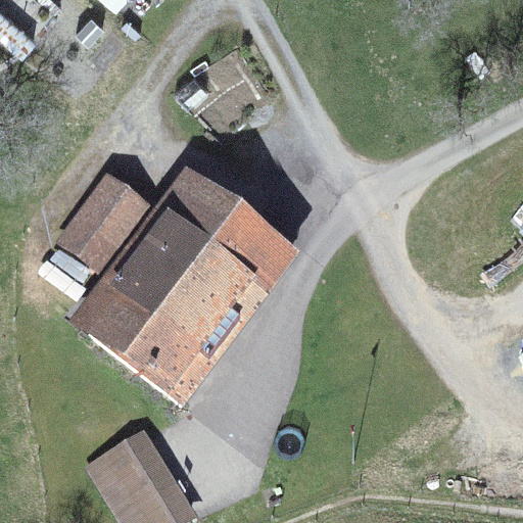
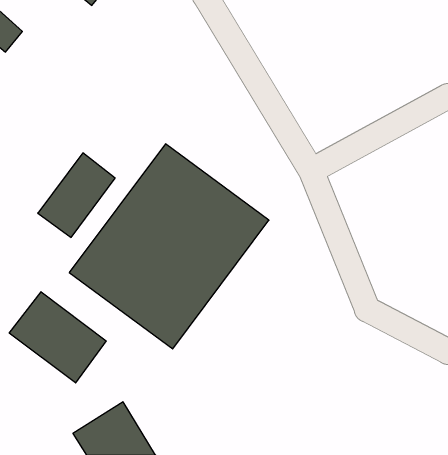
building: none -> [9,292,106,383]

